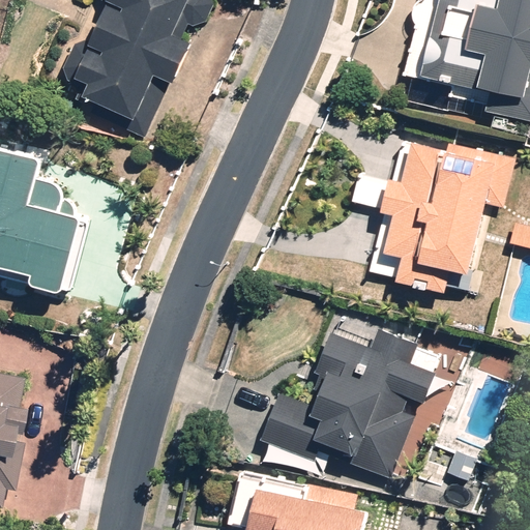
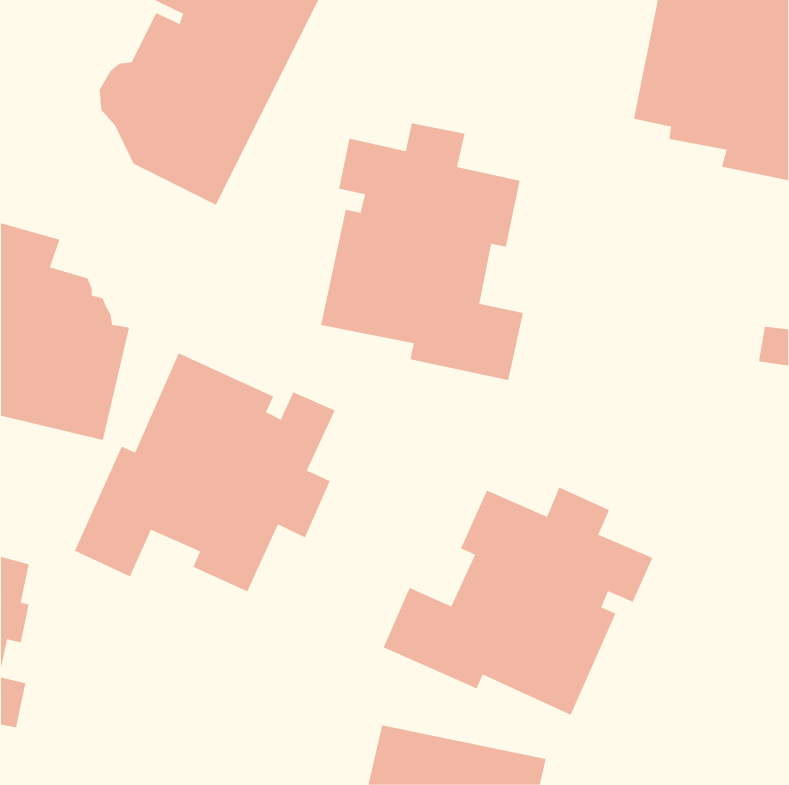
building: none -> [320,122,523,381]
building: [382,144,517,291] -> none
building: none -> [74,352,335,592]

